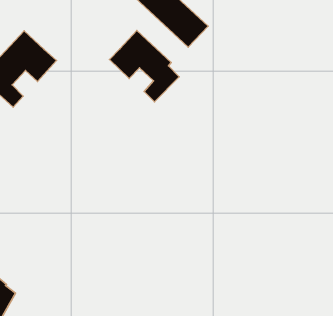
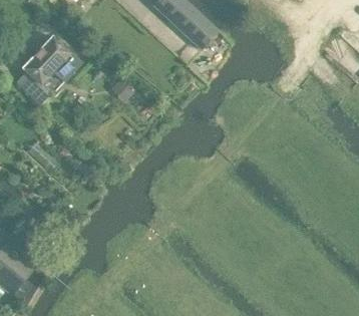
building: [110,30,179,102] -> none

